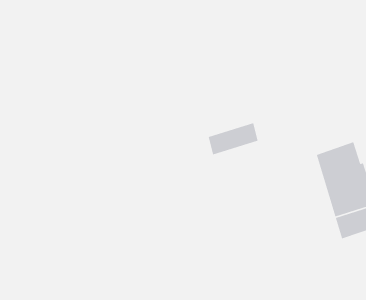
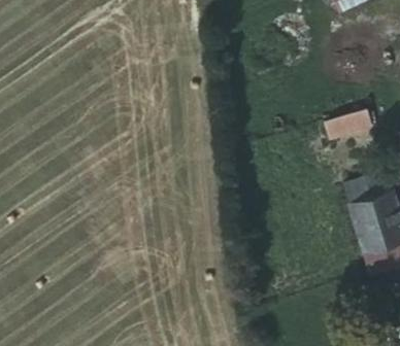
building: [208,122,258,156] -> [322,109,376,145]

